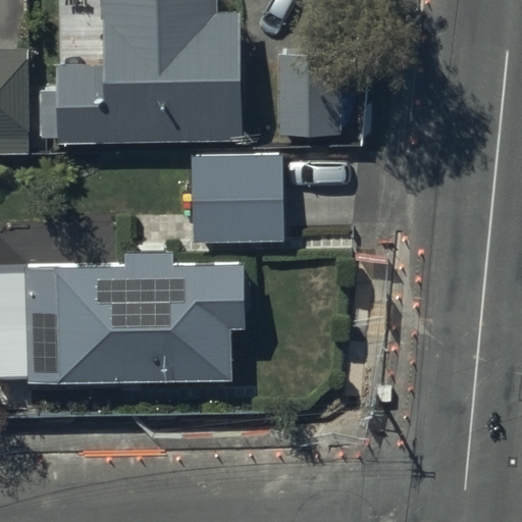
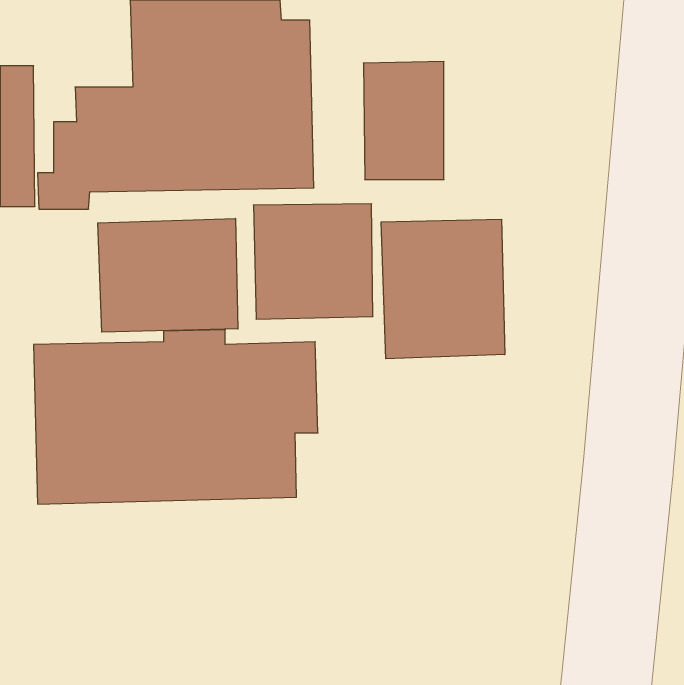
building: none -> [98,218,238,332]
building: none -> [381,219,505,359]

